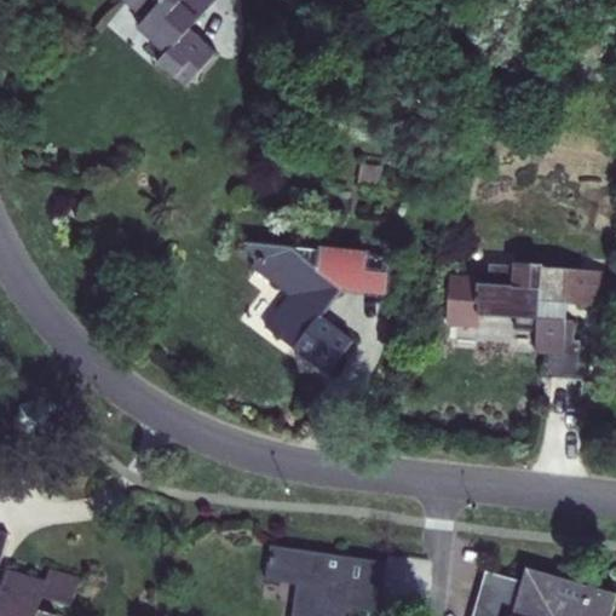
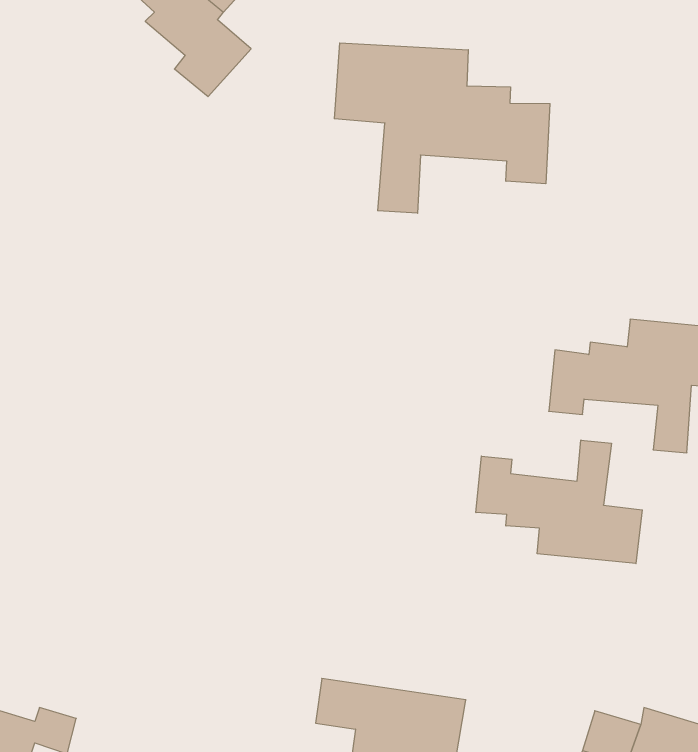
building: none -> [334,43,550,213]
building: [249,244,385,374] -> none
building: none -> [476,440,642,564]

